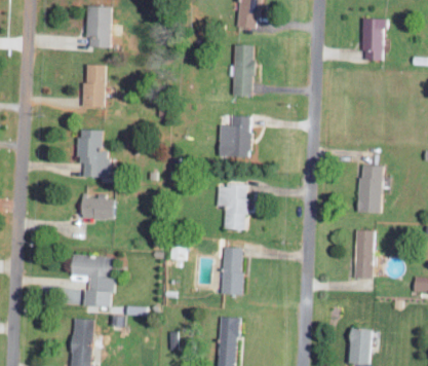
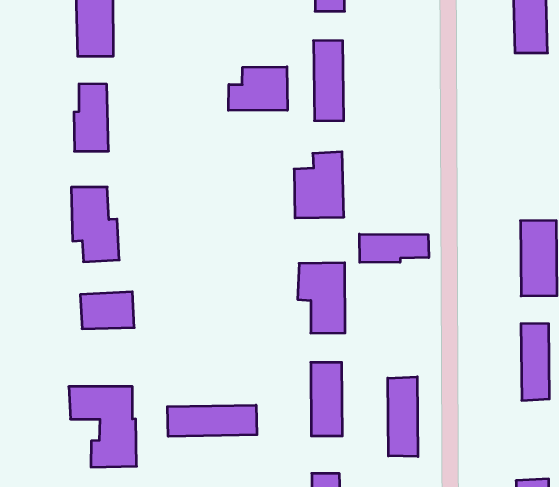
building: none -> [228,67,287,110]
building: none -> [359,234,429,262]
building: none -> [388,377,418,457]
building: none -> [167,405,257,436]

